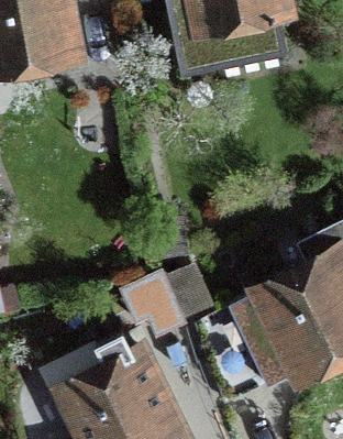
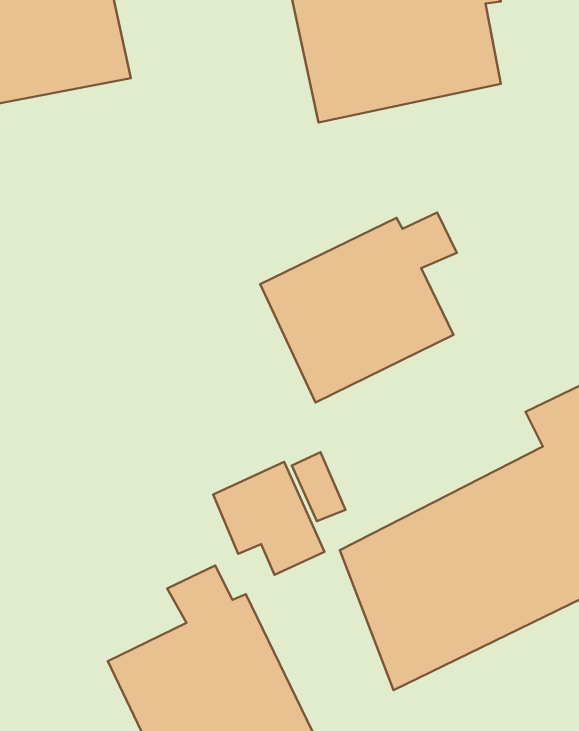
building: none -> [260,212,457,403]

